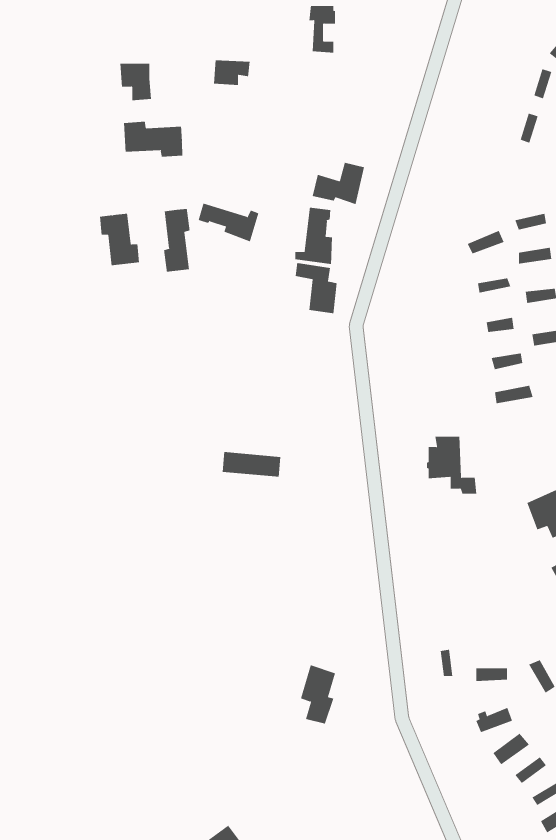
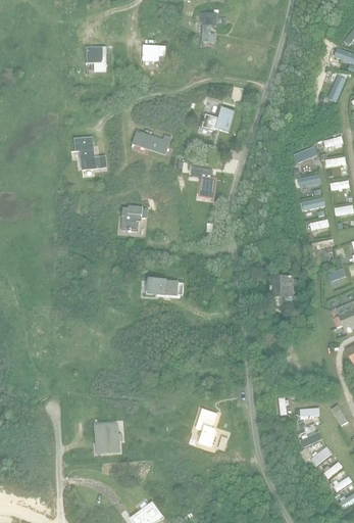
building: [124,121,183,158] -> none
building: [295,207,333,265] -> none
building: [163,208,190,273] -> none
building: none -> [121,203,147,230]
building: none -> [95,423,121,453]

